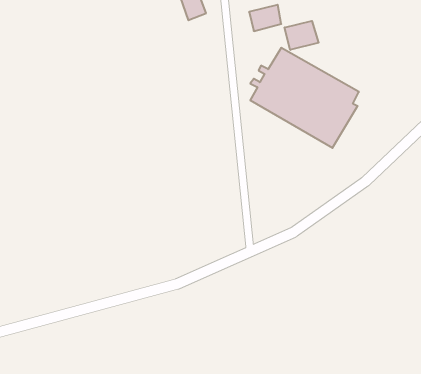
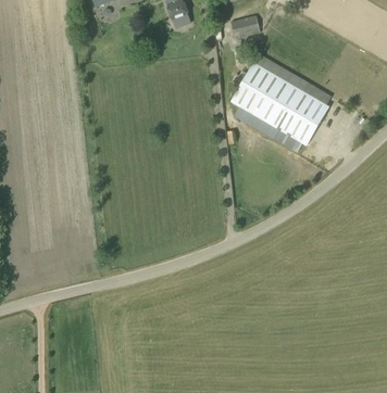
building: [285,21,319,50] -> none

